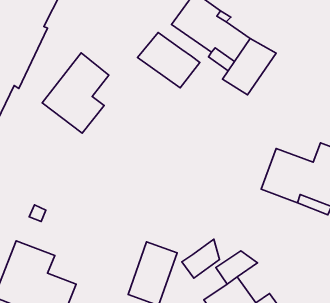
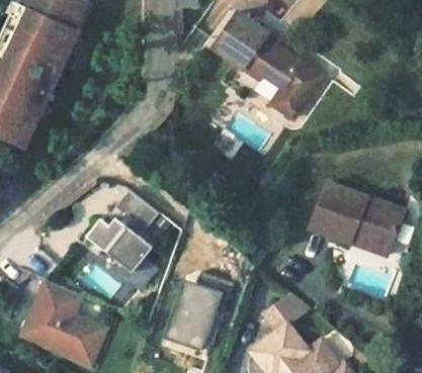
building: [137,33,200,88] -> none
building: [42,53,109,133] -> [88,195,161,283]
building: [182,239,219,278] -> none

